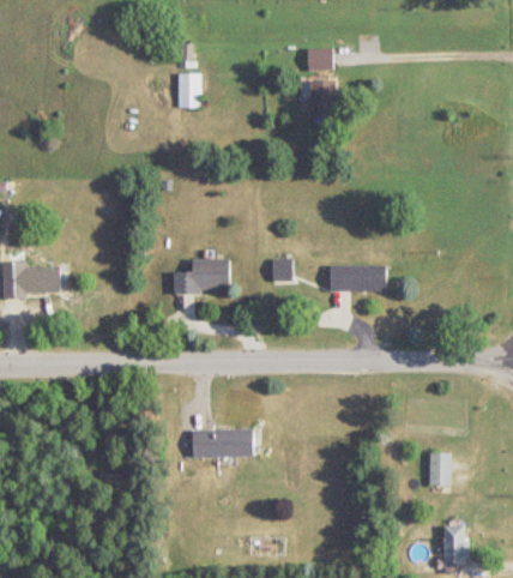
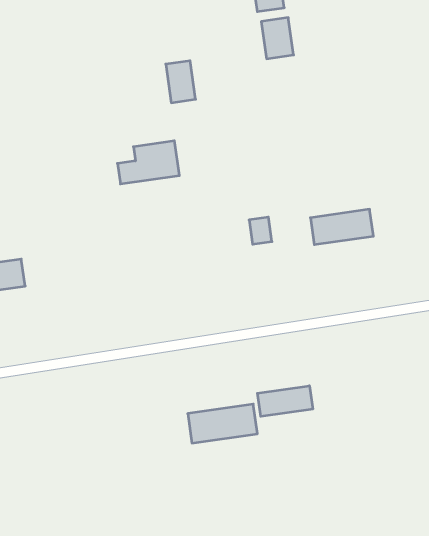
building: [177,71,200,107] -> [166,61,196,103]
building: [174,258,229,290] -> [117,141,179,184]
building: none -> [257,386,313,416]

